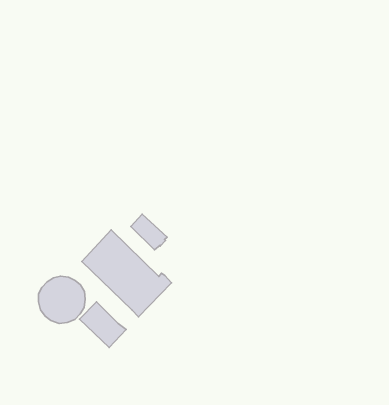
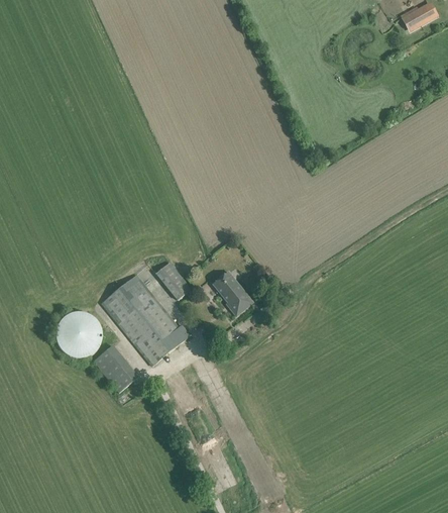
building: none -> [212,270,253,316]

